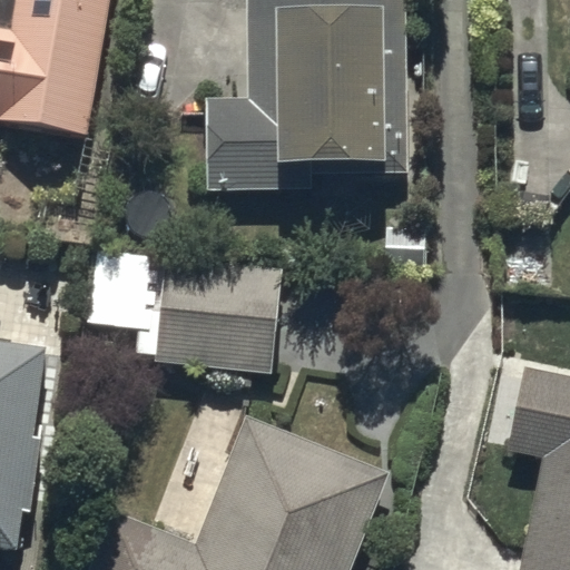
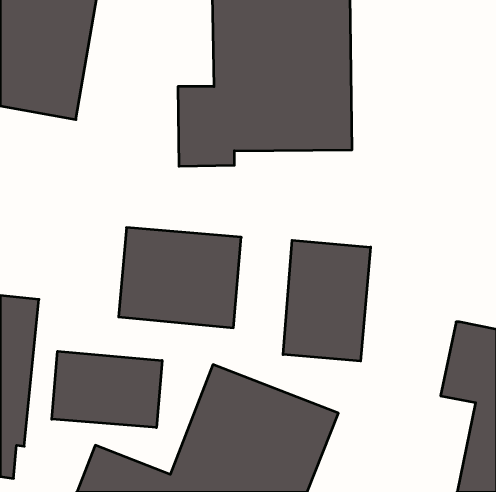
building: none -> [283,240,371,361]
building: none -> [52,351,162,428]

